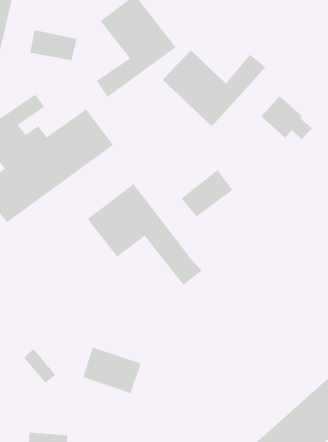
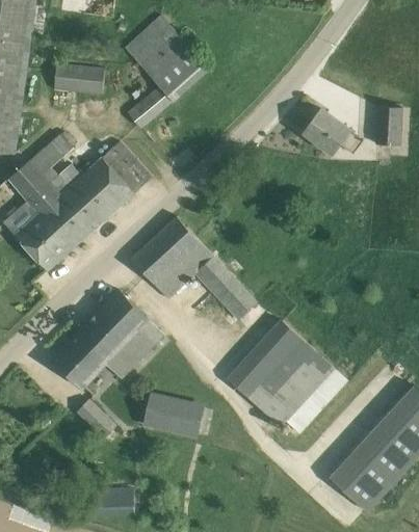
building: [162,49,266,127] -> none
building: [181,169,233,217] -> none
building: none -> [53,290,165,387]
building: none -> [227,319,334,426]

